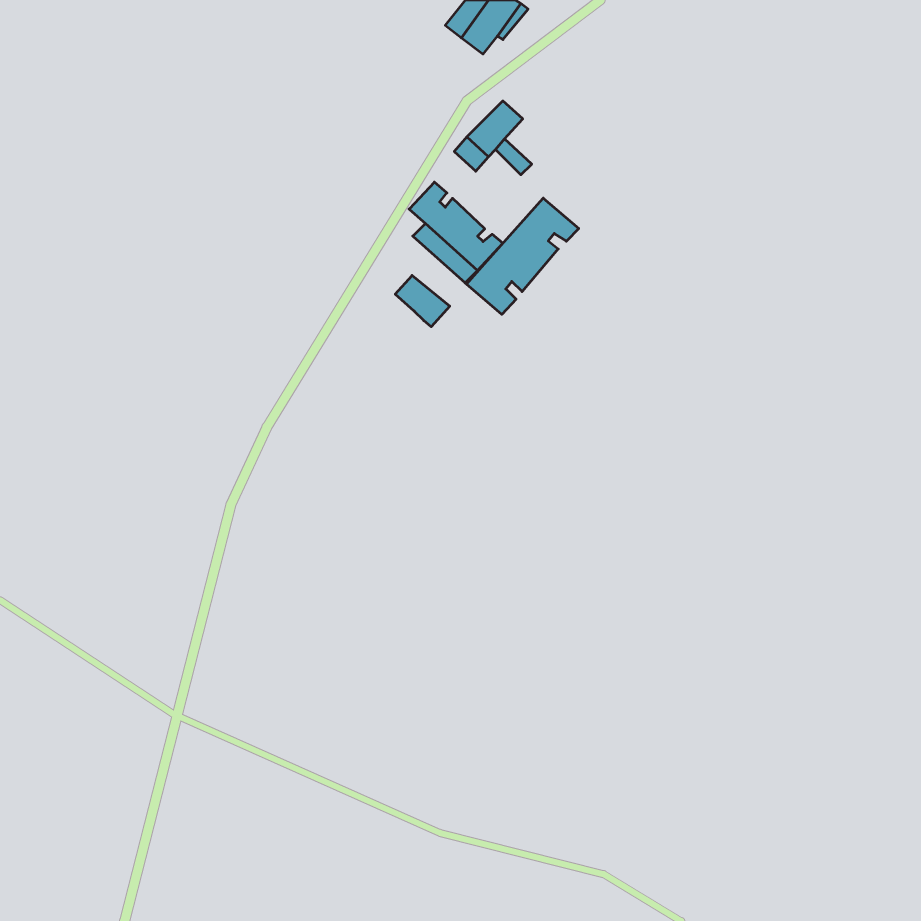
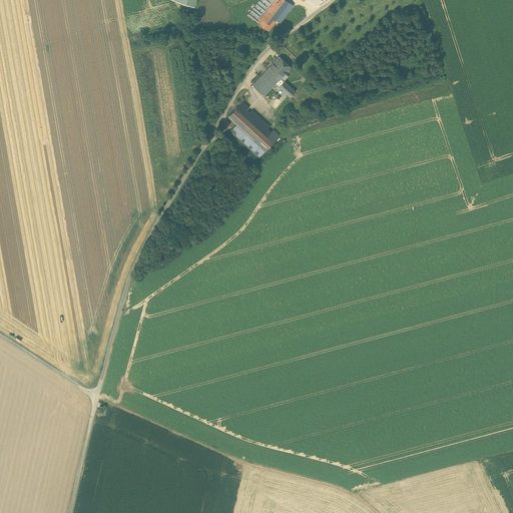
building: [466,198,579,314] -> none
building: [395,275,450,327] -> none

